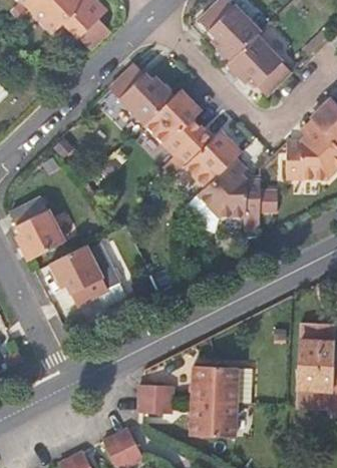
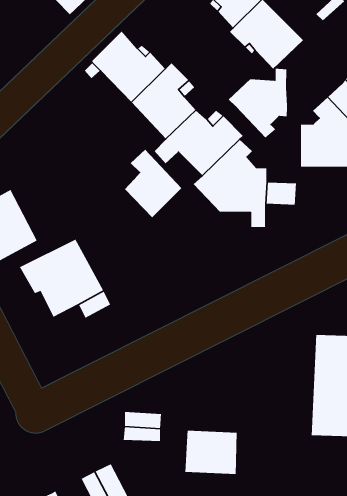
building: none -> [228,68,288,138]
building: none -> [124,149,182,218]
building: [192,367,252,404] -> none

